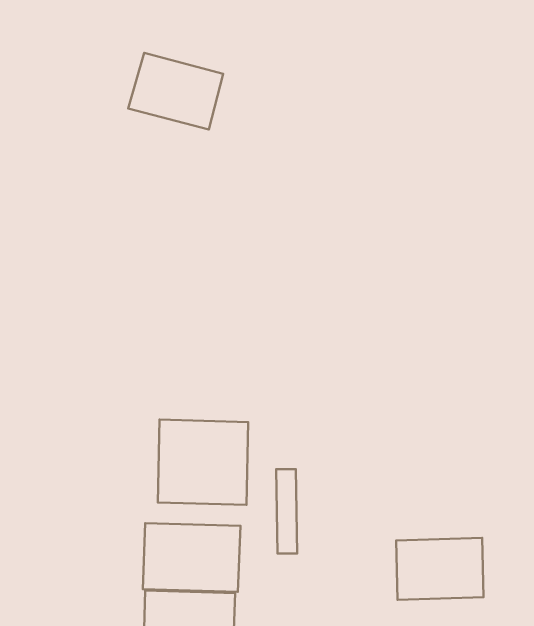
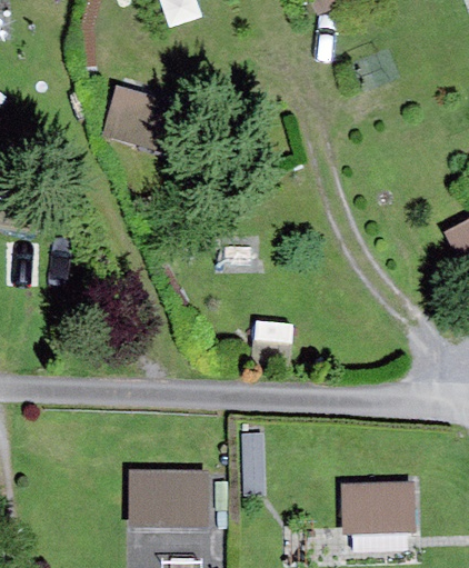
building: [158,420,248,505] -> none

